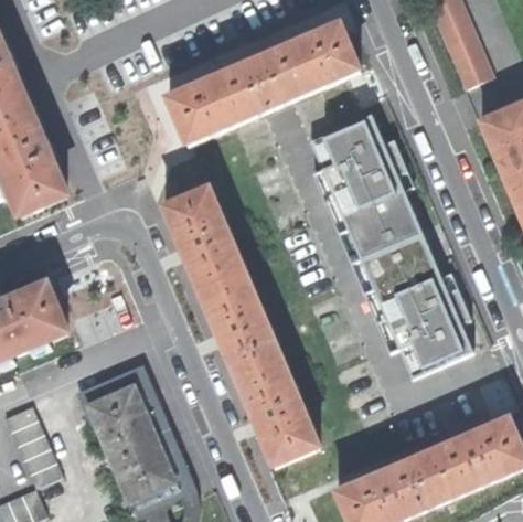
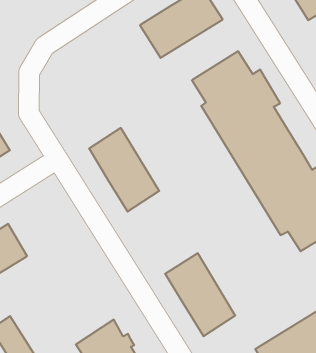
building: [167,61,273,143] -> none
building: [201,274,281,380] -> none
building: [78,372,162,451] -> none

